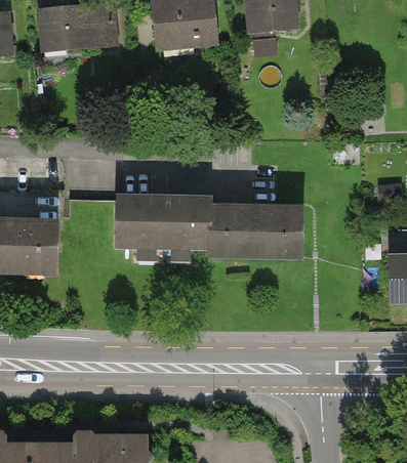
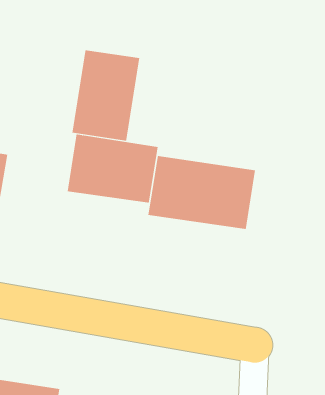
building: none -> [72,50,140,141]

